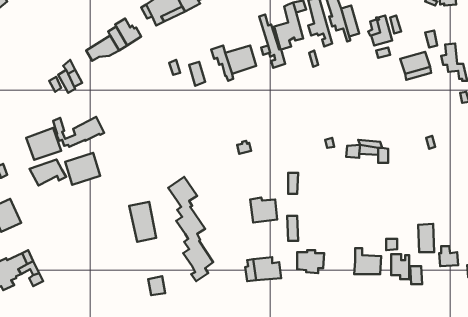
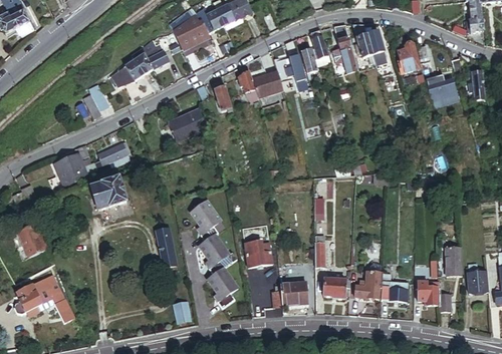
building: none -> [167,106,204,134]
building: [30,159,66,186] -> none
building: [250,197,277,222] -> [244,241,271,266]
building: none -> [354,263,383,297]

